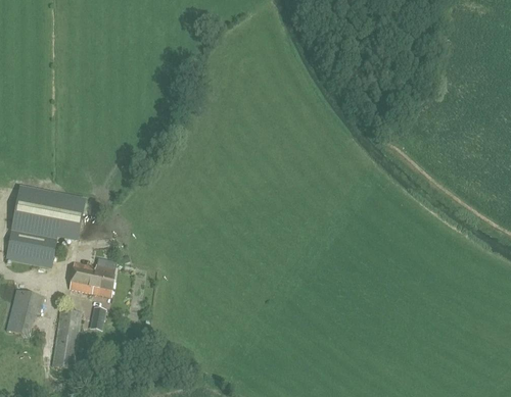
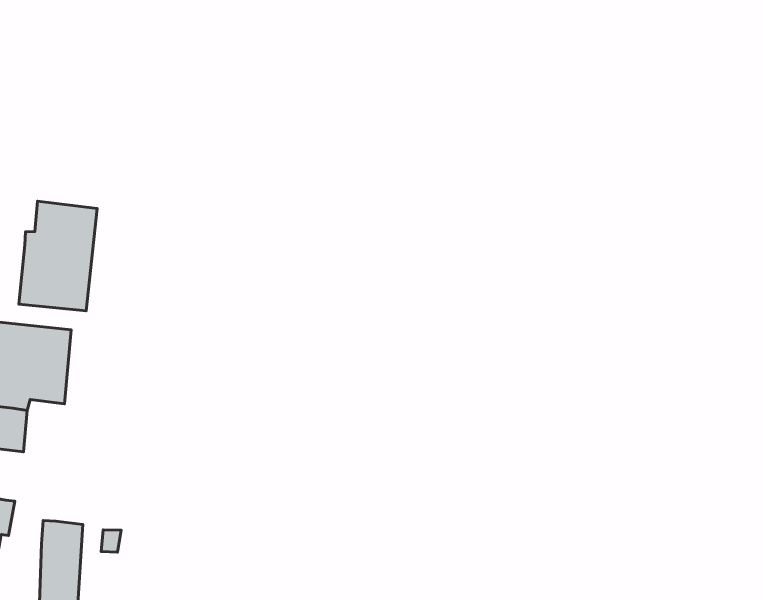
building: none -> [19,201,97,311]
building: [69,260,117,296] -> none

